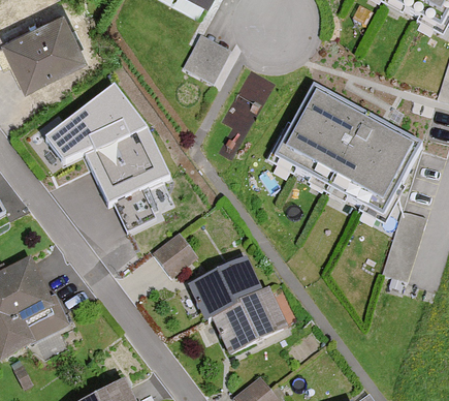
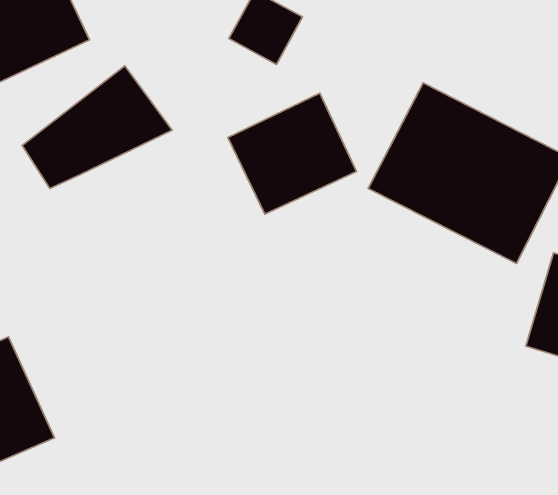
building: [83,122,169,204] -> [228,93,357,214]
building: [151,236,195,278] -> none
building: [191,264,291,357] -> none

